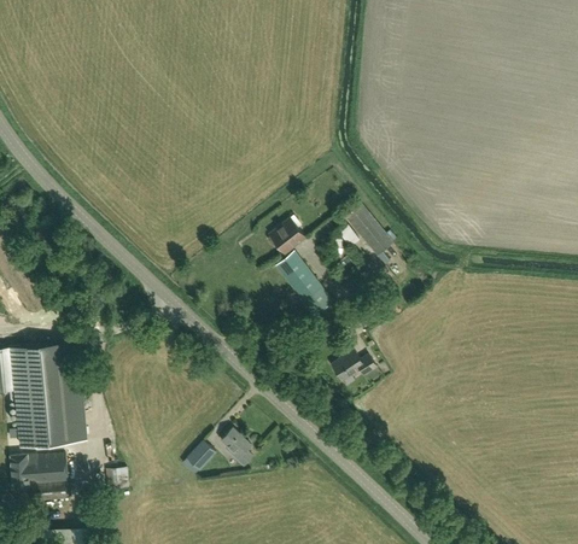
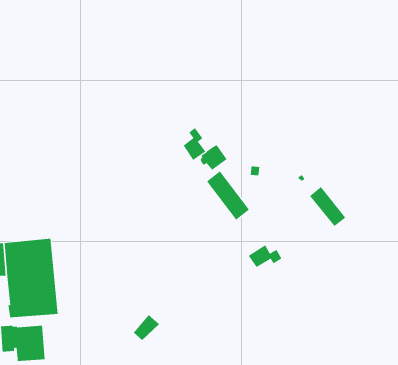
building: none -> [183,127,206,161]
building: [344,203,392,256] -> [309,186,346,227]
building: [220,429,252,466] -> none

